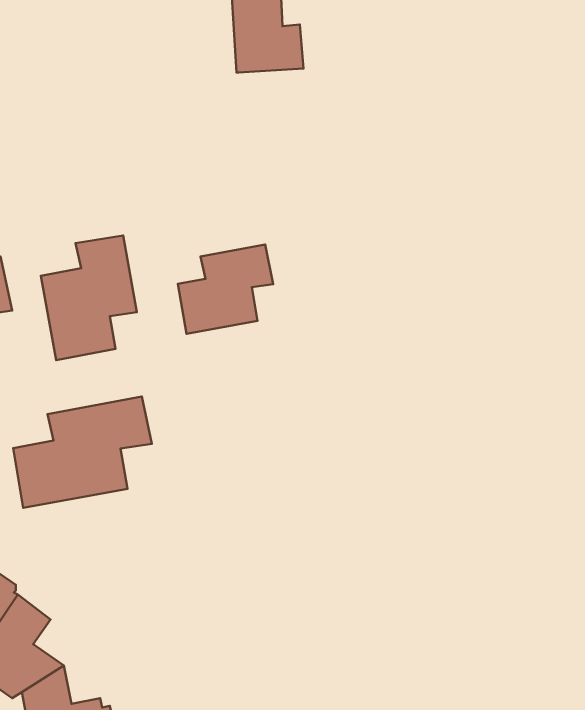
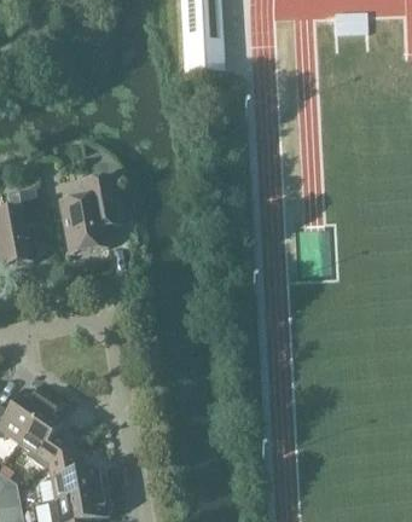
building: [178,244,273,334] -> none
building: [13,397,152,508] -> none

